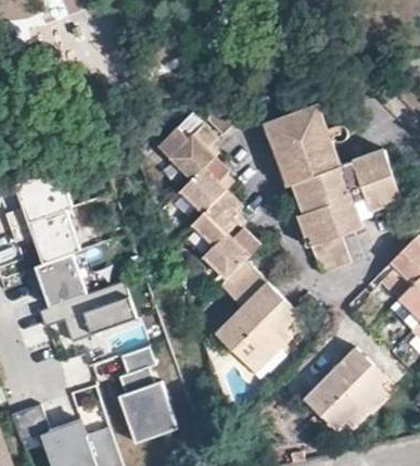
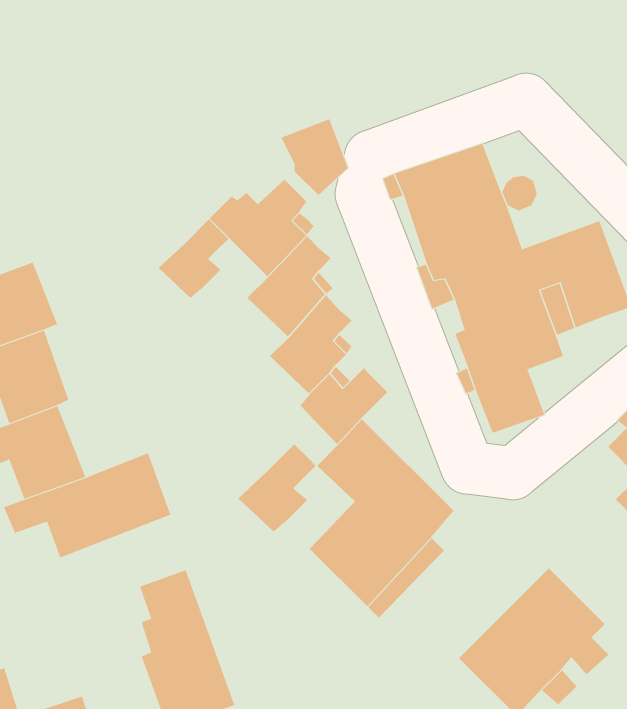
building: none -> [158,219,229,299]
building: none -> [238,443,317,532]

